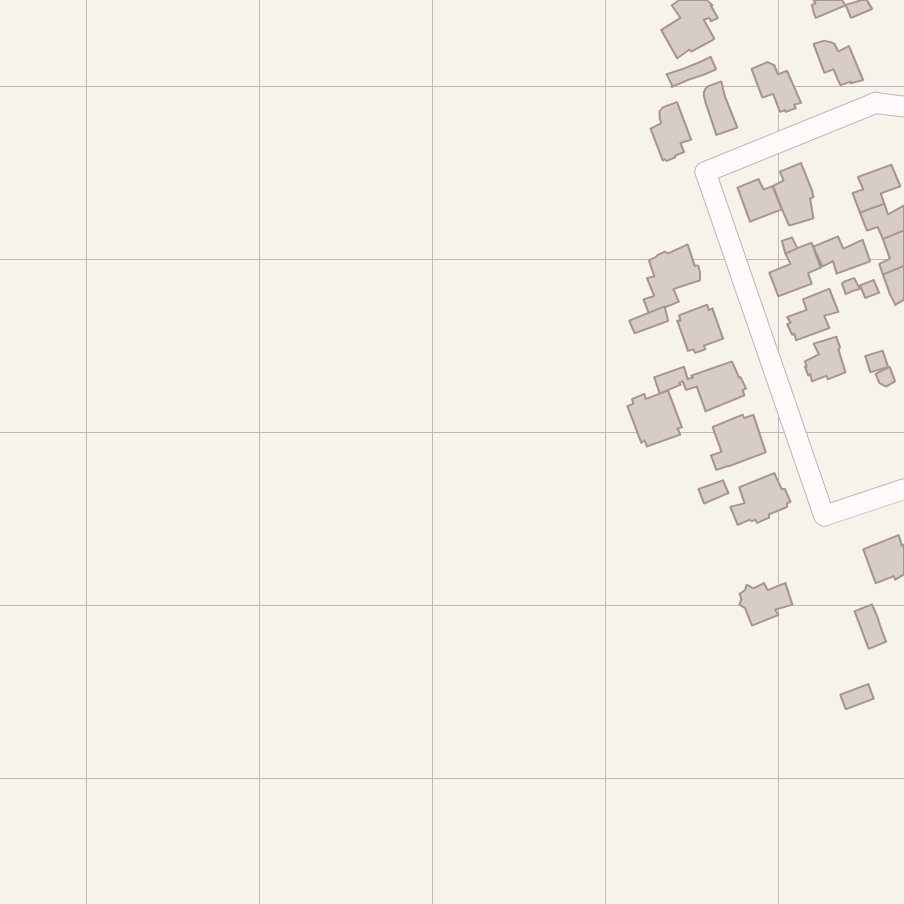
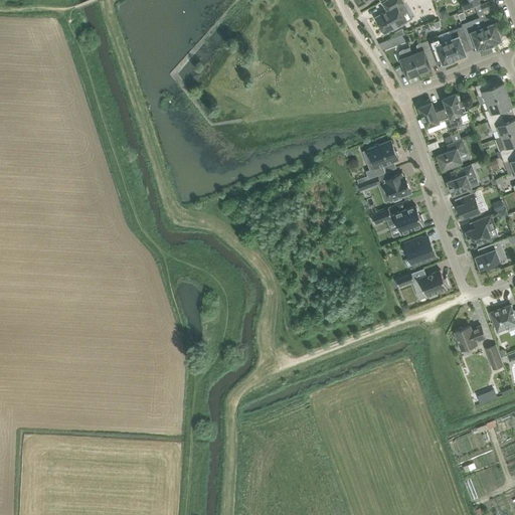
building: none -> [480,18,505,46]
building: none -> [447,26,468,59]
building: [650,102,691,161] -> [411,40,435,73]
building: [813,236,870,274] -> [474,80,506,102]
building: none -> [466,215,498,244]
building: [627,390,682,447] -> none
building: none -> [476,240,503,271]
building: [739,583,793,626] -> [455,326,485,350]

